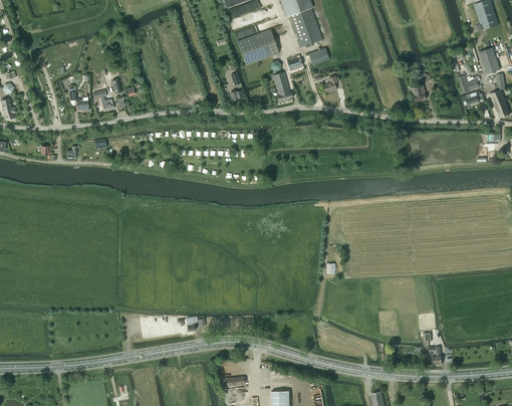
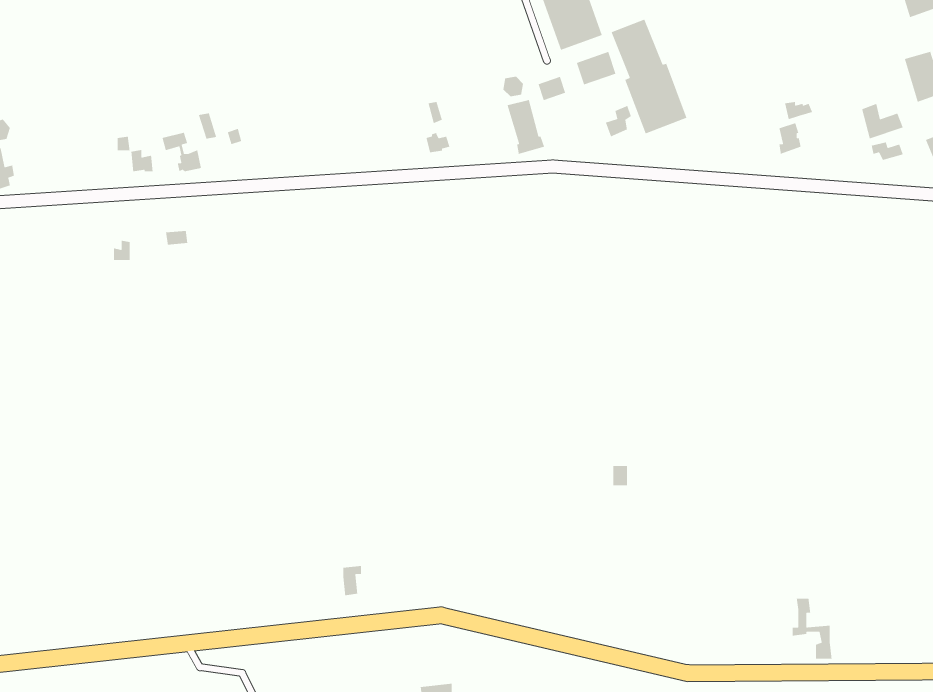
building: [237,30,279,65] -> none
building: none -> [610,18,688,134]

